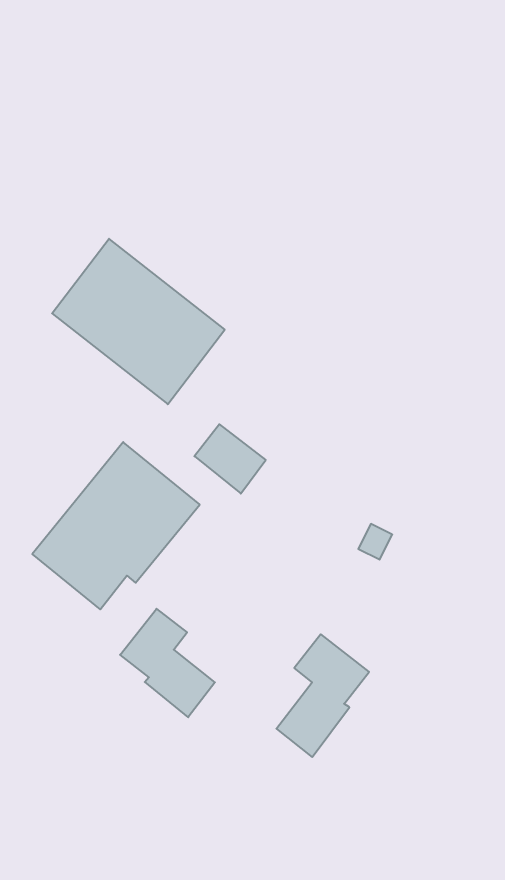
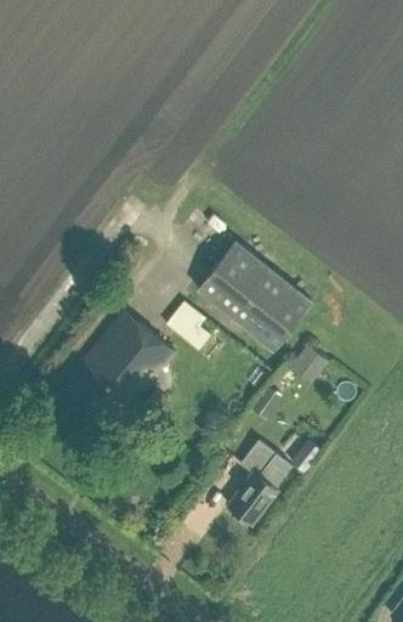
building: [52,239,225,404] -> [195,239,313,352]
building: [120,609,215,717] -> none

